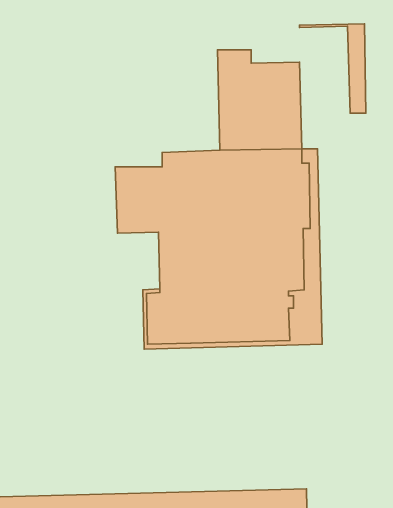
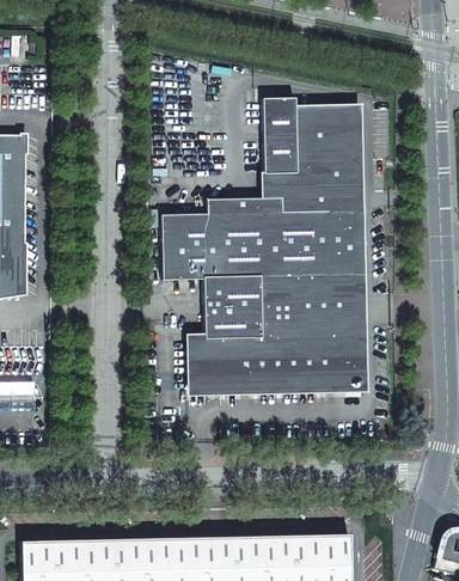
building: [299,24,366,113] -> [295,108,361,196]

